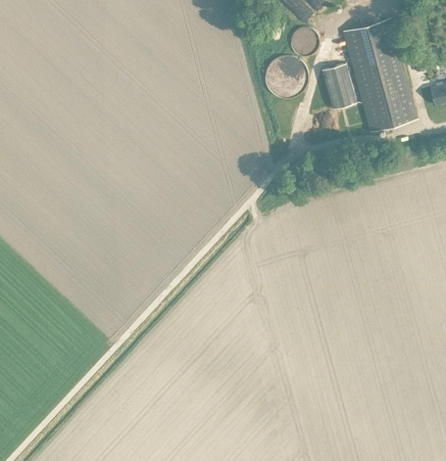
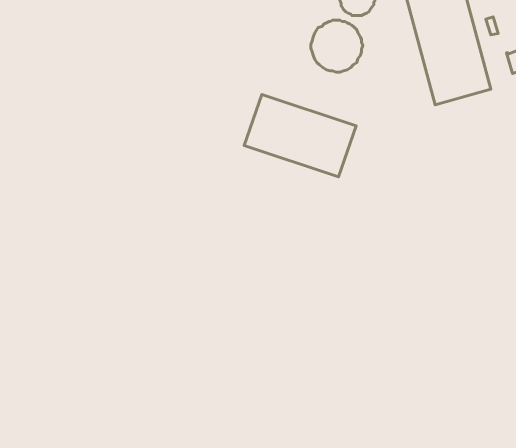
building: [321,63,356,109] -> none
building: none -> [244,94,356,177]

